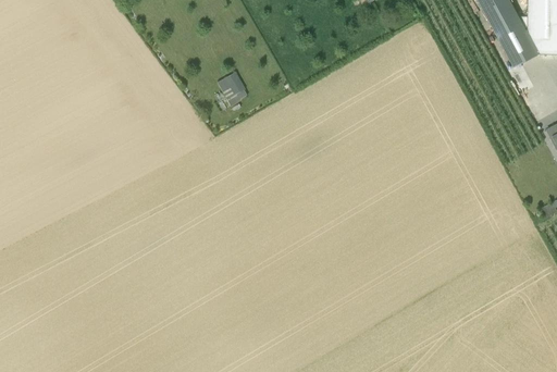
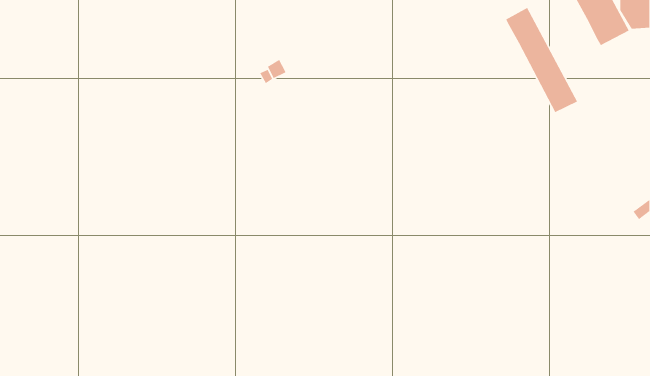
building: none -> [505,7,578,113]

